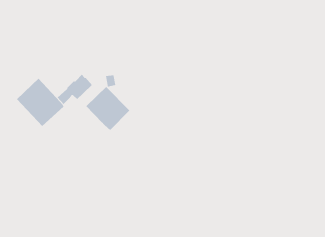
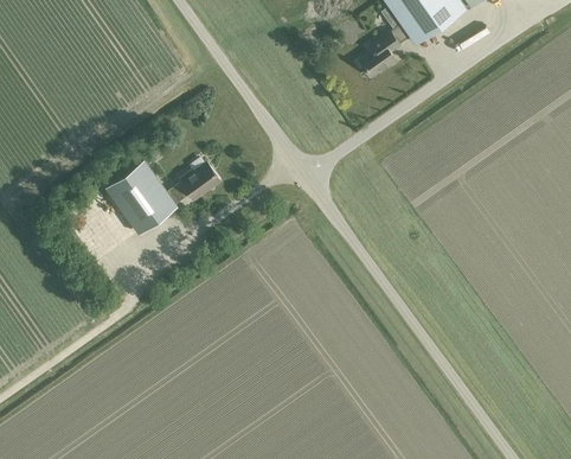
building: [86,86,130,131] -> none

